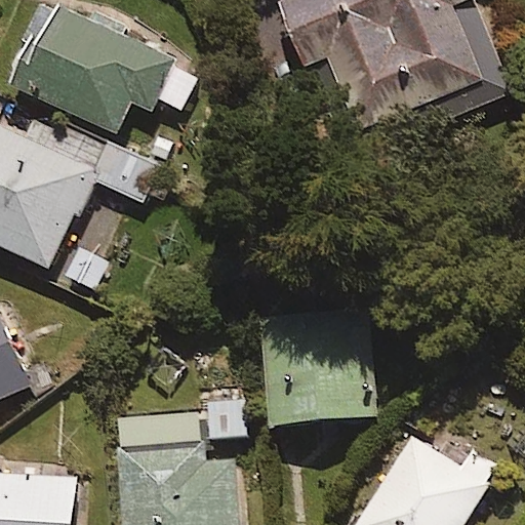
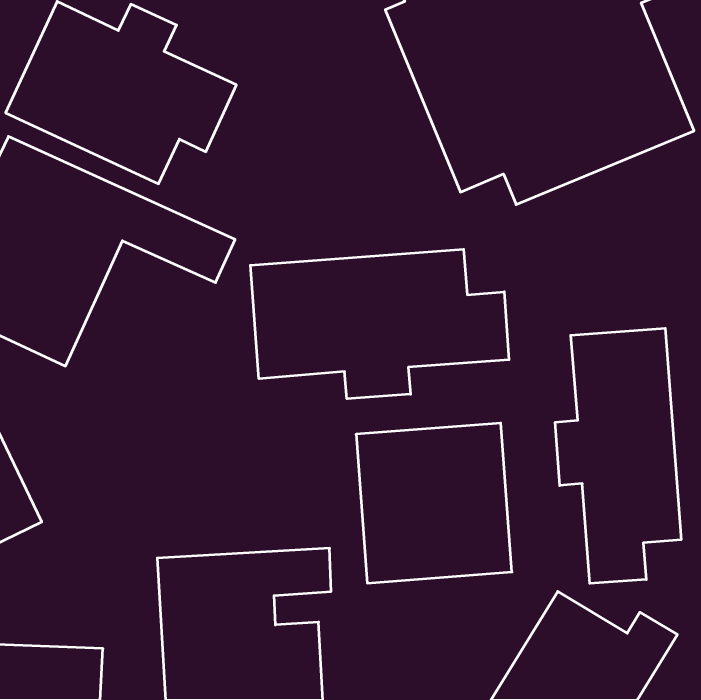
building: none -> [250,249,509,399]
building: none -> [555,328,681,583]

